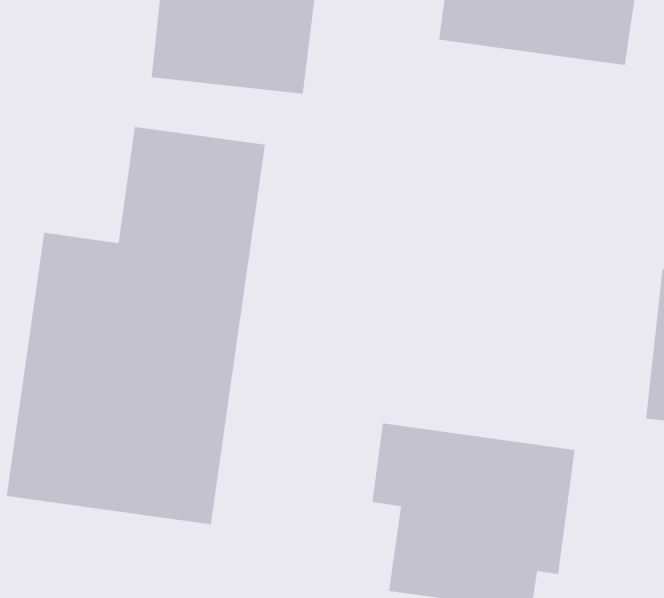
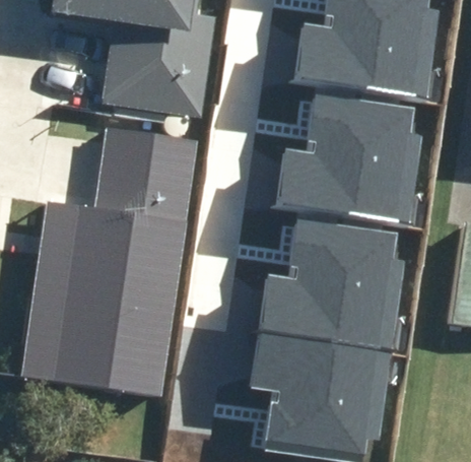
building: none -> [287,93,423,216]
building: none -> [265,220,408,350]

